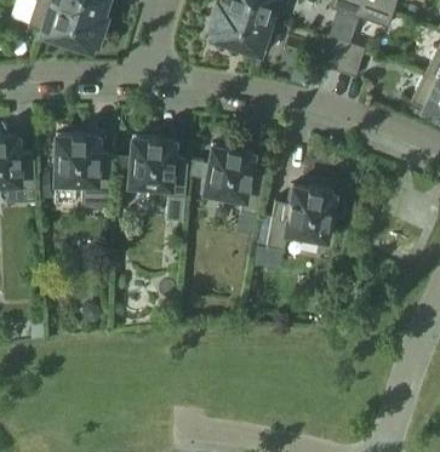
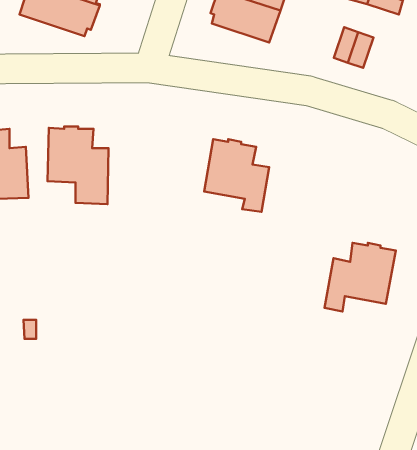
building: [128,136,188,198] -> none
building: [267,185,335,251] -> [325,243,396,312]

